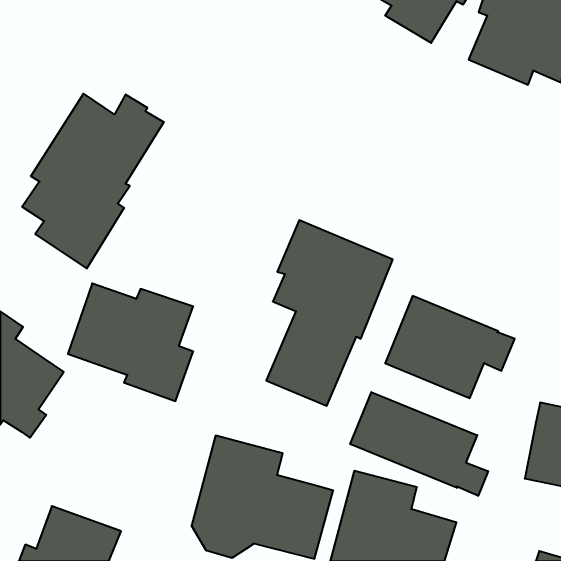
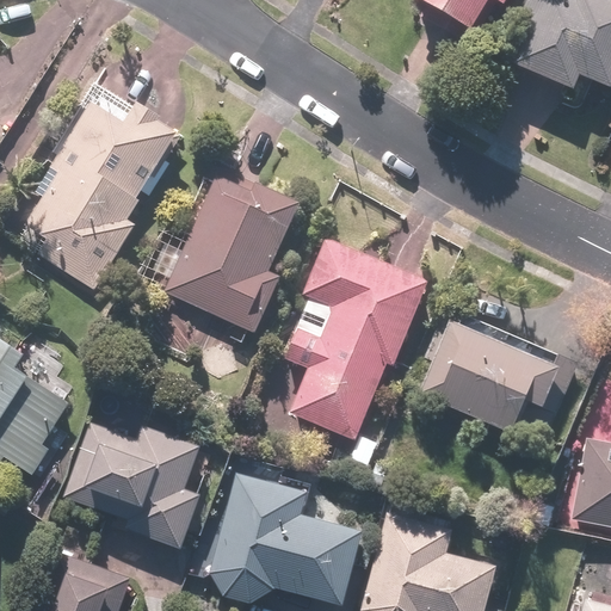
building: none -> [162,163,300,333]
building: [68,283,193,401] -> [64,421,200,549]
building: [350,392,488,496] -> none

